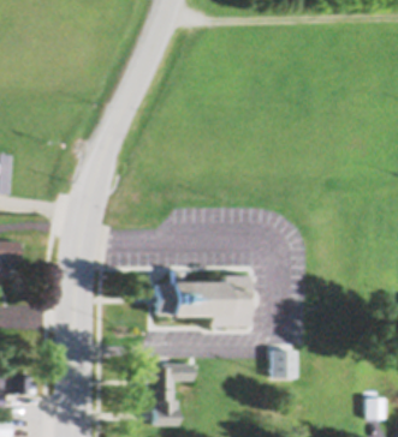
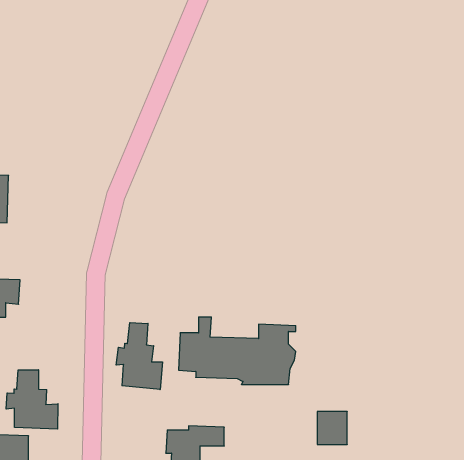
building: none -> [116,323,162,390]
building: none -> [6,370,58,429]

